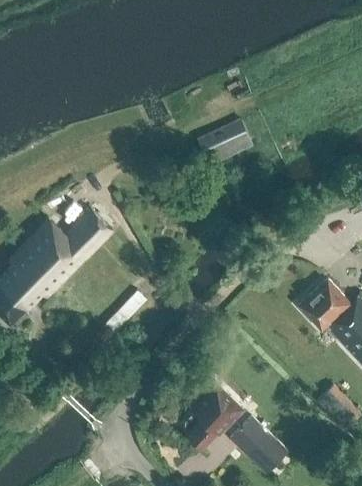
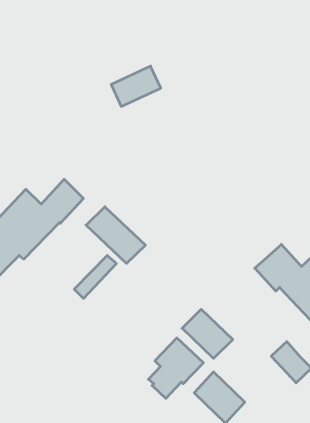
building: [199,120,253,164] -> [111,66,161,106]
building: none -> [86,207,145,263]
building: none -> [182,309,233,358]

